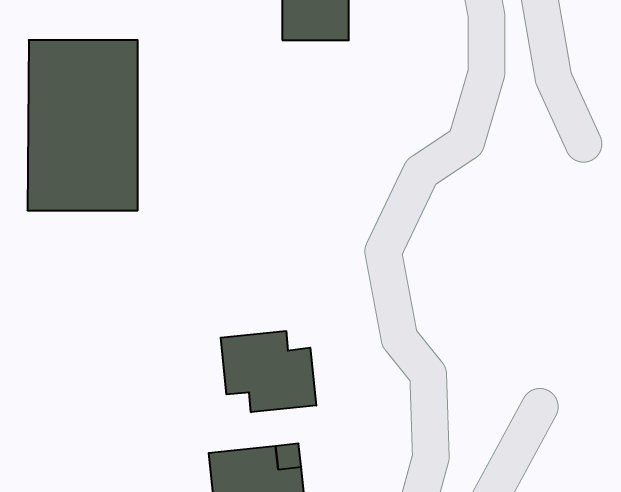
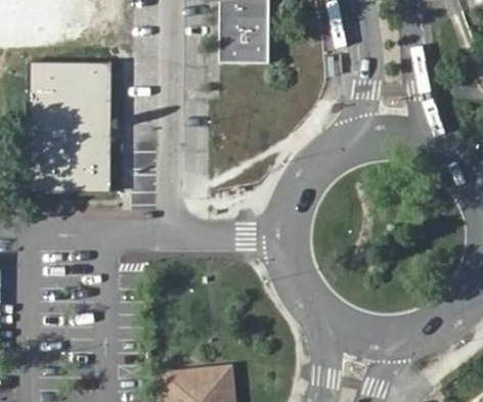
building: [221,331,316,412] -> none

